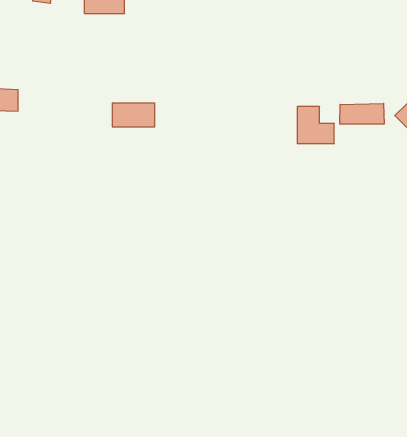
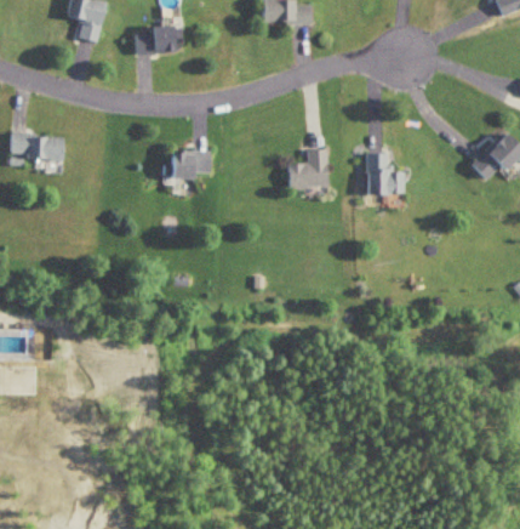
building: none -> [288,148,328,188]
building: [340,103,384,124] -> none

